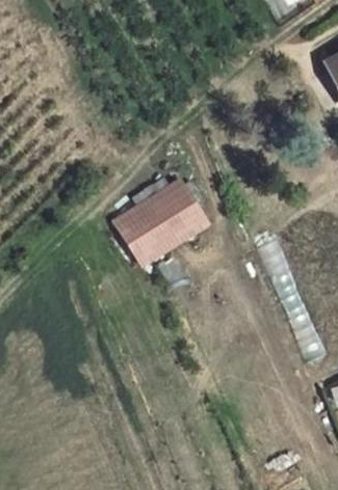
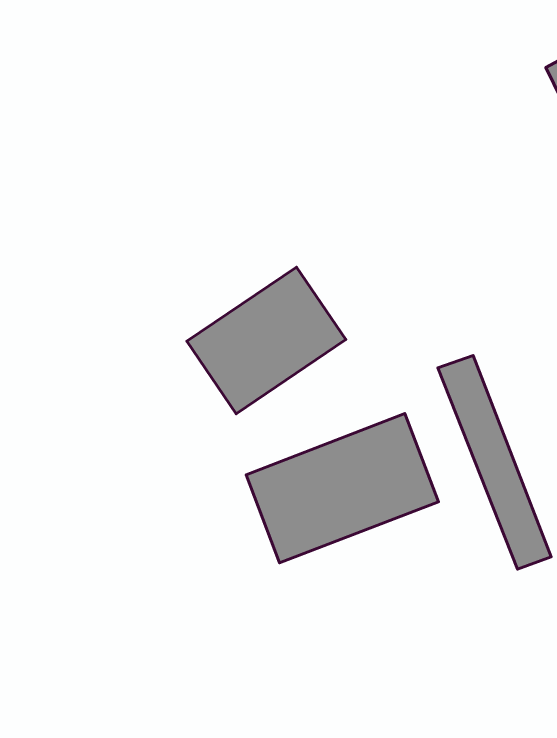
building: none -> [246,414,438,563]

